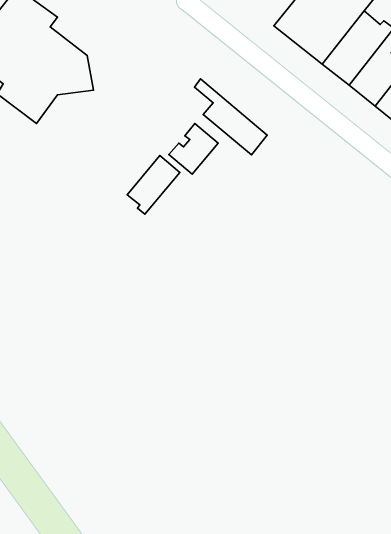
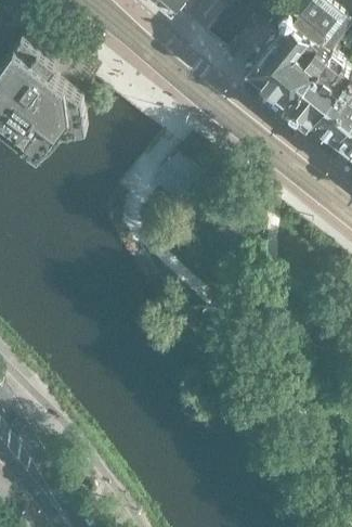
building: [195,79,267,155] -> none
building: [127,156,180,214] -> none

